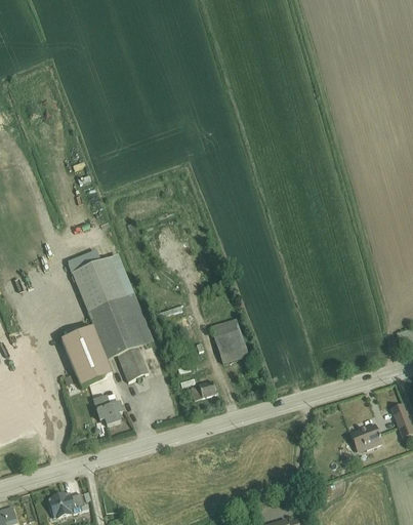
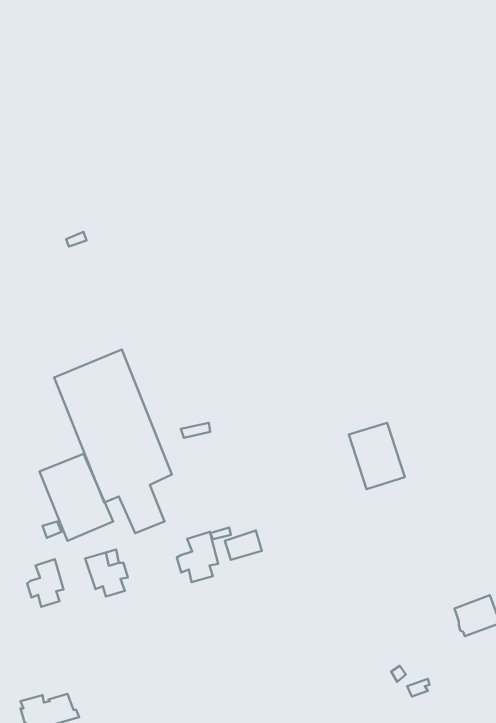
building: [209,317,248,363] -> [349,423,405,489]
building: none -> [177,532,218,582]
building: none -> [27,559,64,607]

